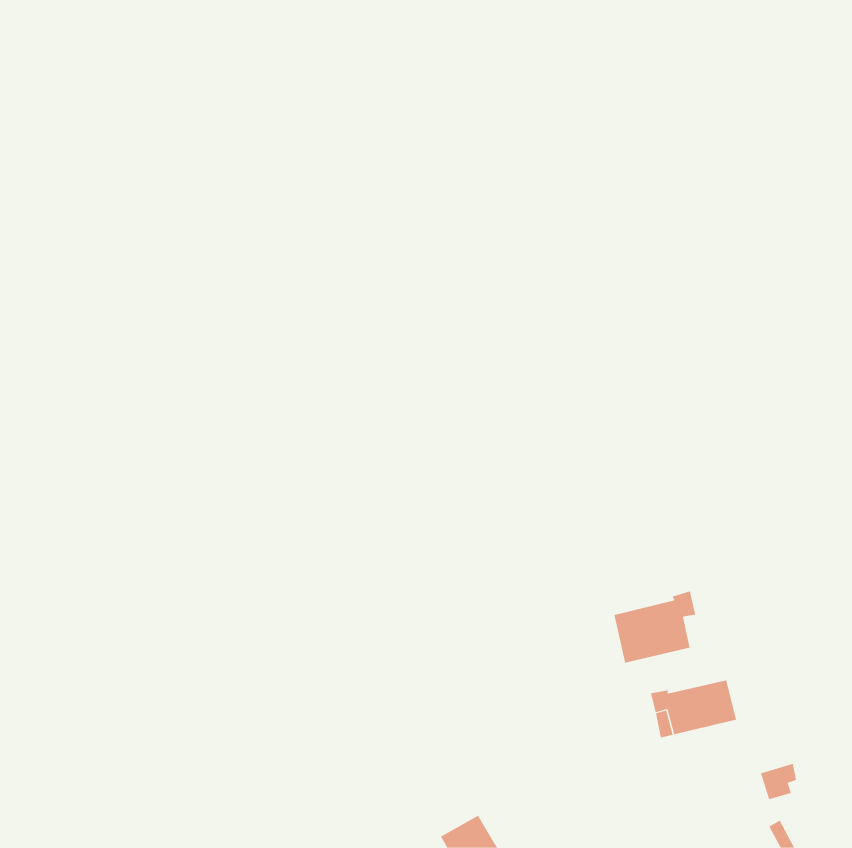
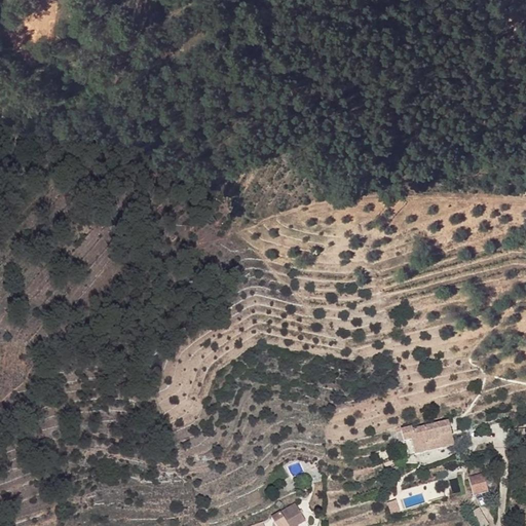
building: [614,591,696,663] -> none

